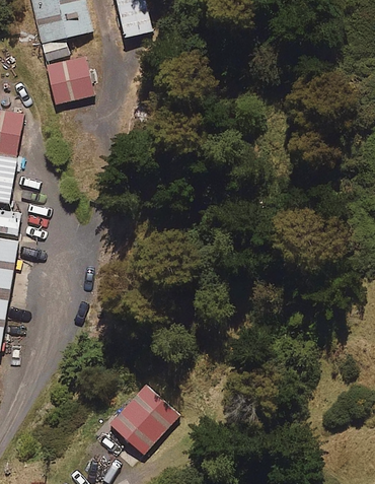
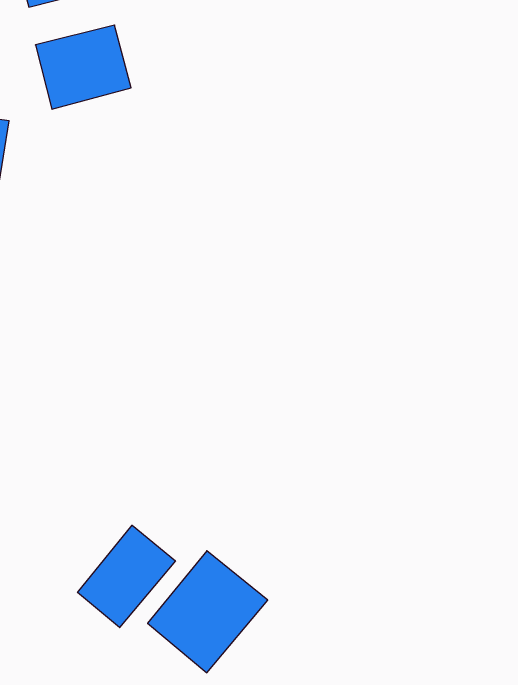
building: none -> [78,525,175,628]

